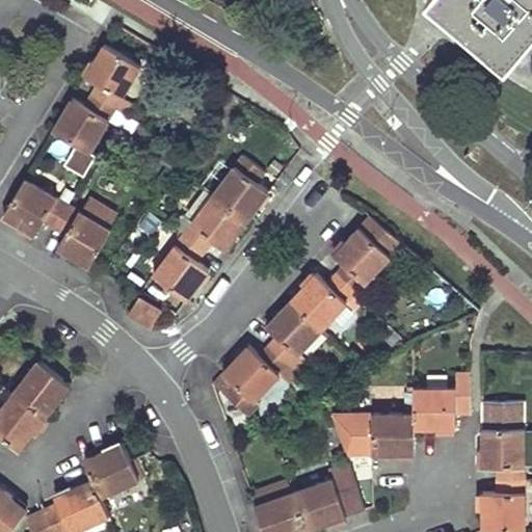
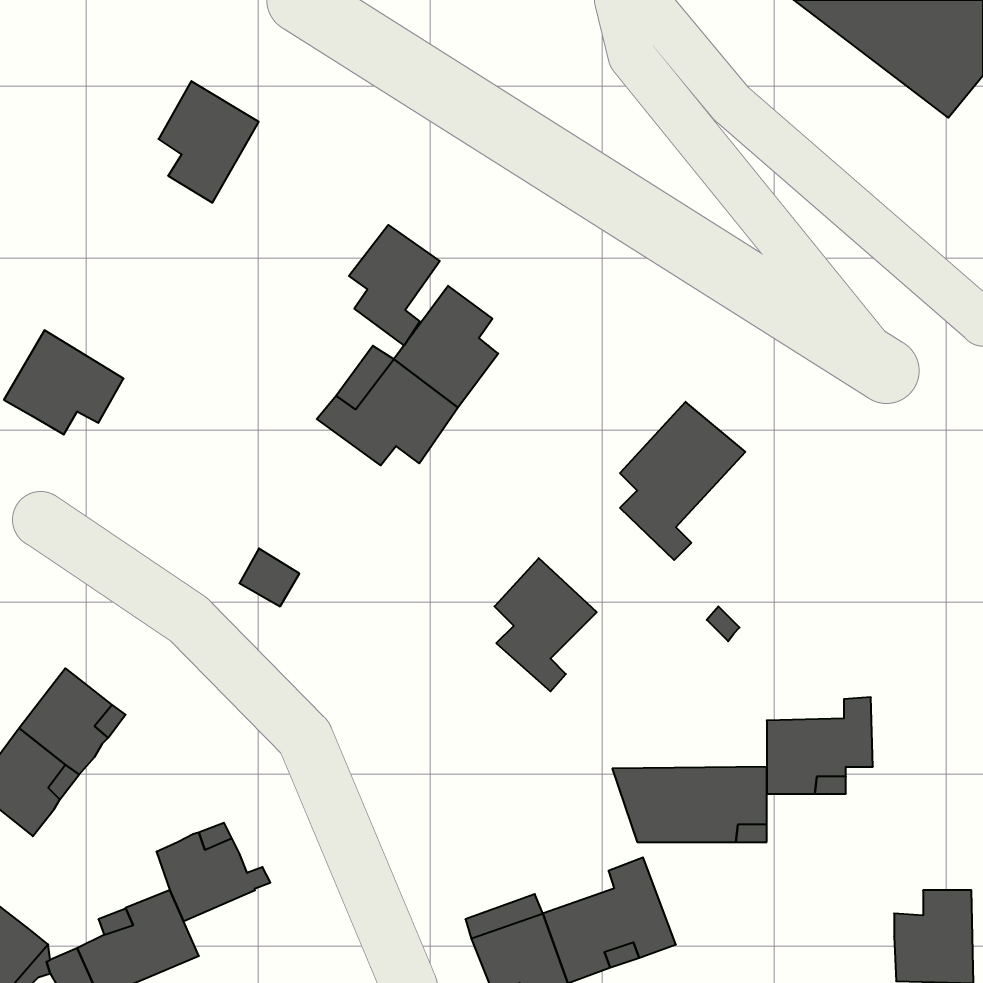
building: [52,97,114,154] -> none
building: none -> [349,225,440,345]
building: [53,200,116,267] -> none
building: [152,236,208,301] -> none
building: [290,275,363,331] -> none
building: [221,346,296,418] -> none
building: [481,404,523,481] -> none

